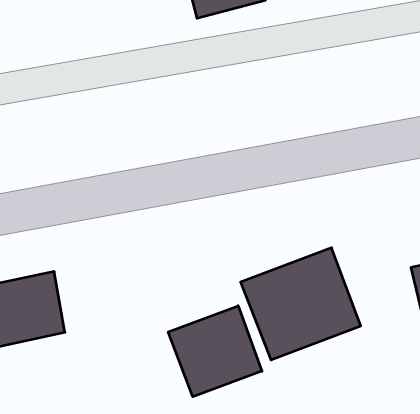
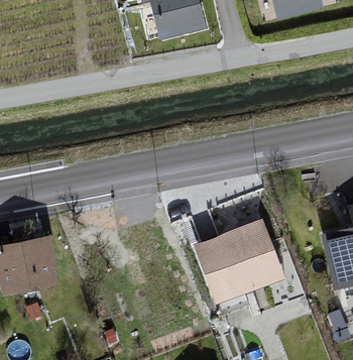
building: [168,306,262,397] -> none

